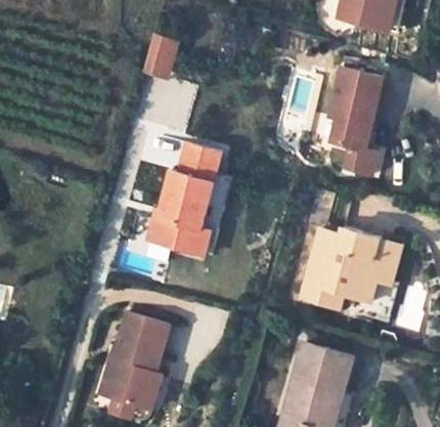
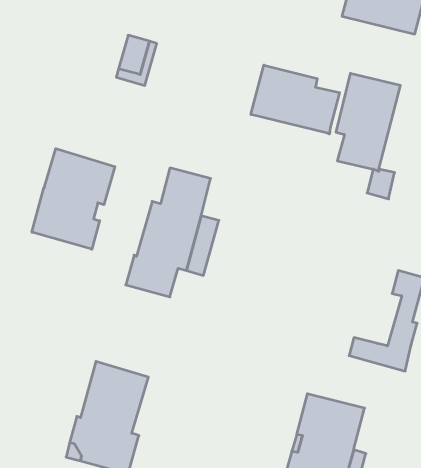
building: none -> [251,65,340,134]
building: none -> [32,149,115,249]
building: [299,224,384,308] -> none

